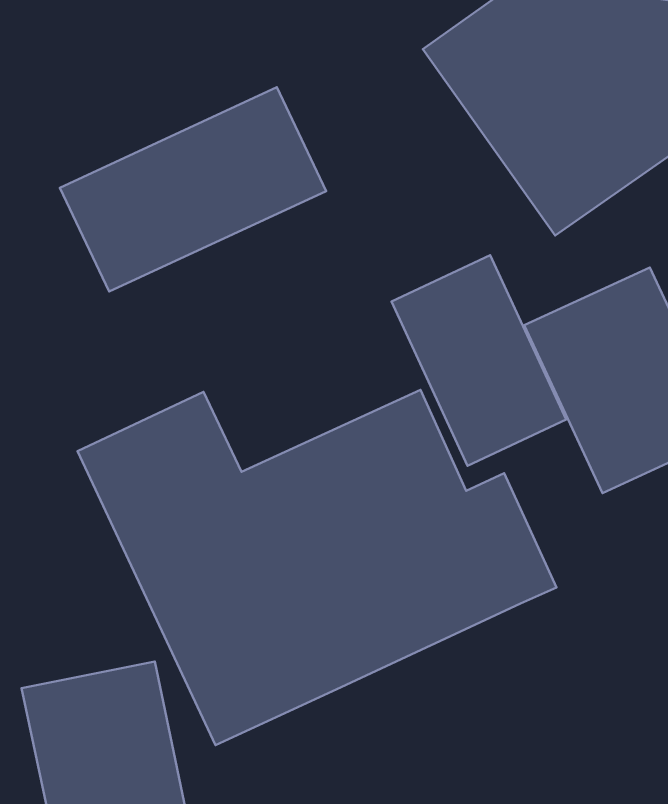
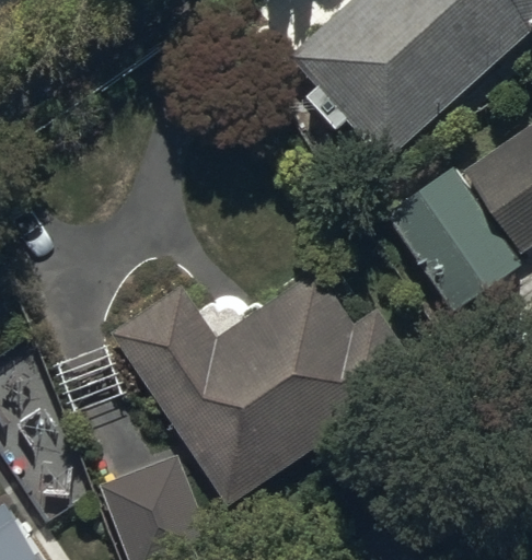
building: [60,87,326,292] -> none
building: [391,255,566,466] -> none

